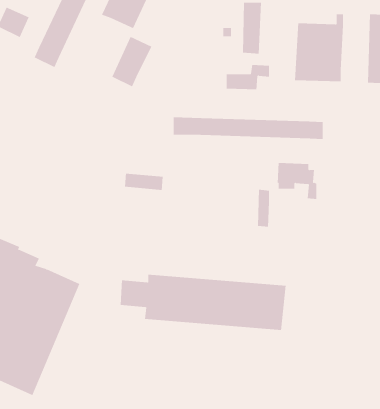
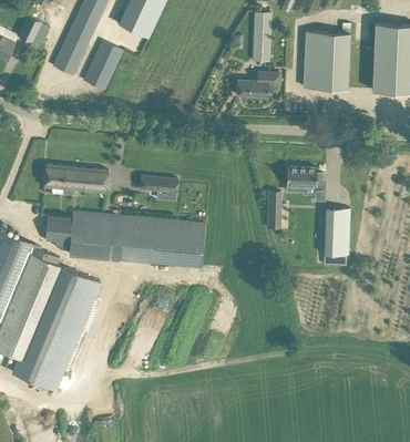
building: [112,36,152,87] -> [84,41,123,90]
building: [173,117,323,140] -> none
building: none -> [43,165,109,196]
building: none -> [324,208,350,266]
building: [120,274,286,331] -> [45,212,205,266]

